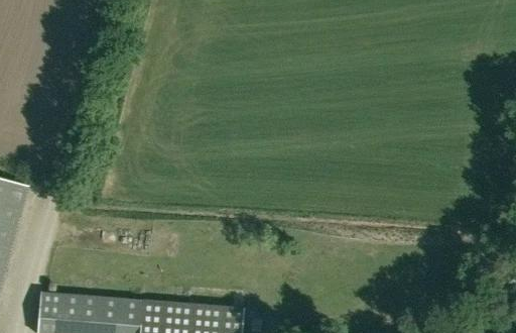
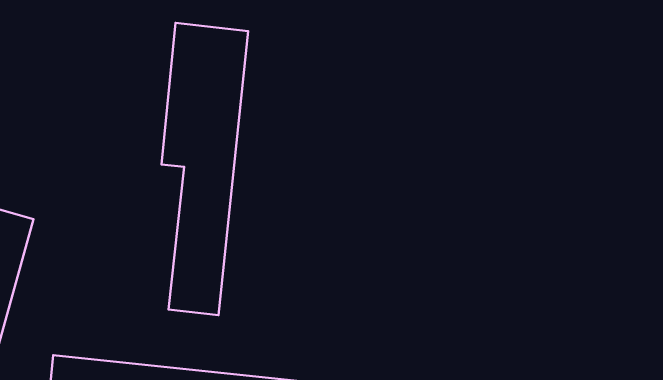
building: none -> [161,23,248,315]

